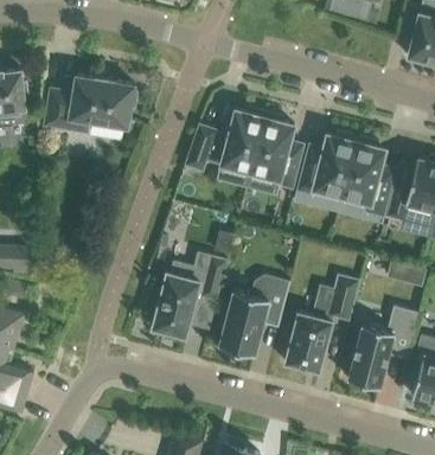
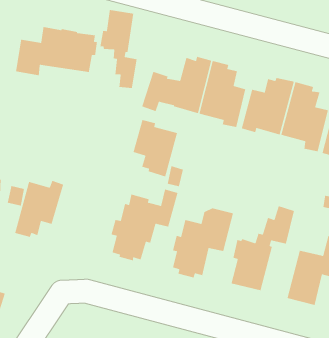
building: none -> [100,9,137,89]
building: none -> [132,119,181,178]
building: none -> [14,169,64,238]

